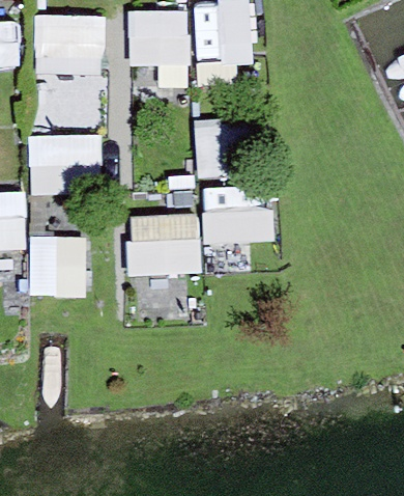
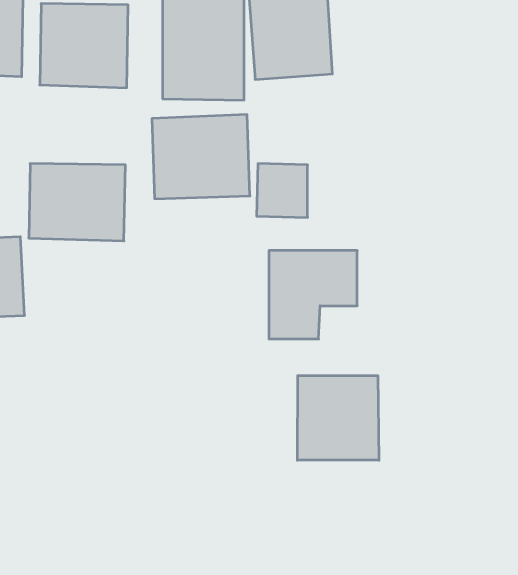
building: [125,212,199,275] -> [152,115,250,199]
building: [27,231,87,296] -> none
building: none -> [297,376,379,460]

